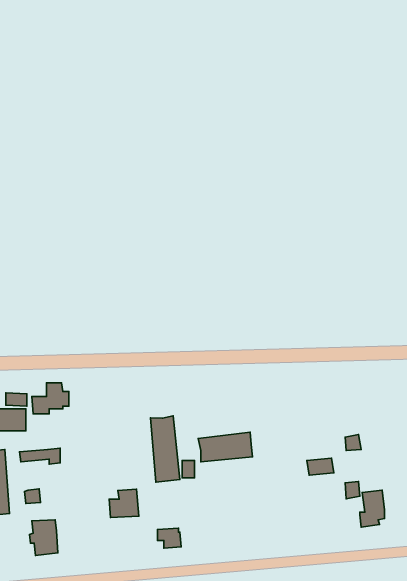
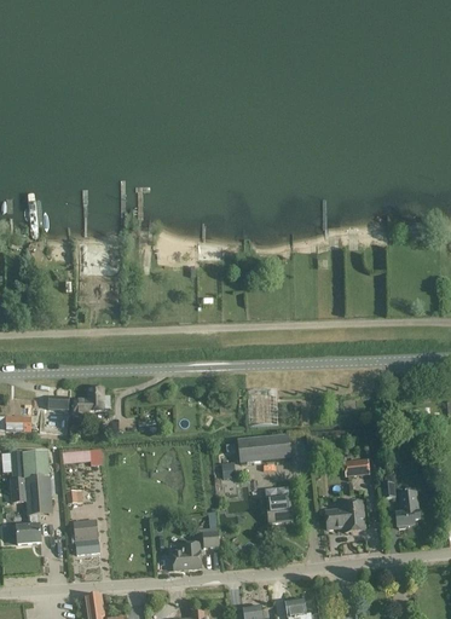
building: [151,416,180,482] -> none
building: [109,489,139,518] -> [173,542,202,569]
building: none -> [266,497,293,522]
building: none -> [325,501,365,531]

